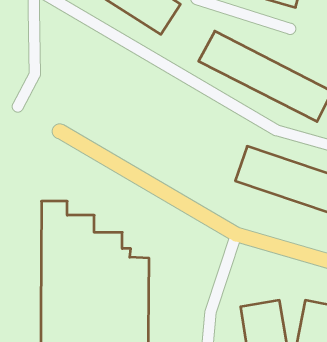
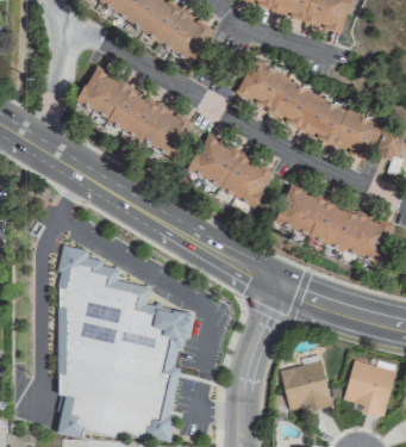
building: none -> [74,70,192,155]
building: none -> [187,136,273,206]

